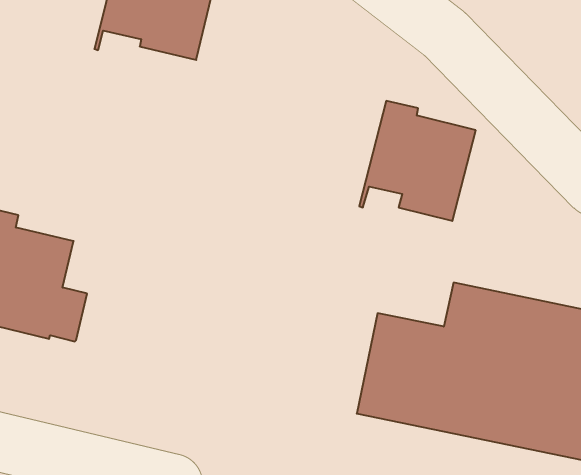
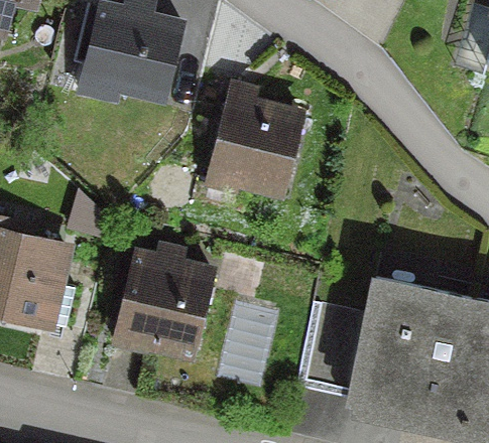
building: [359,101,476,221] -> [206,95,301,193]
building: none -> [112,255,212,354]

